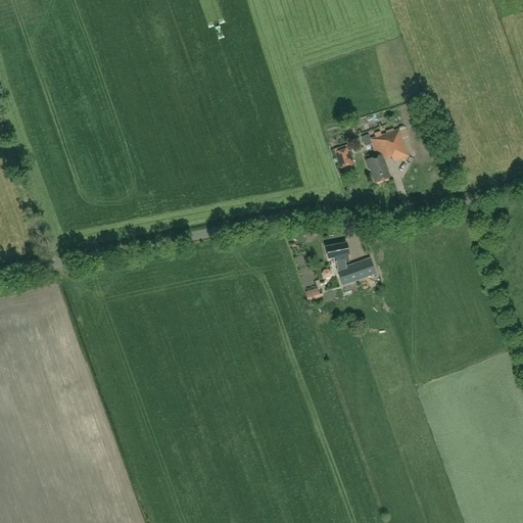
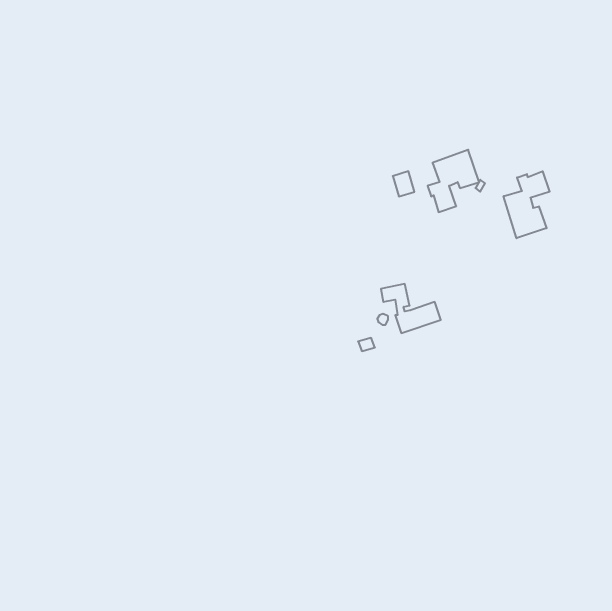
building: none -> [504,171,550,238]

